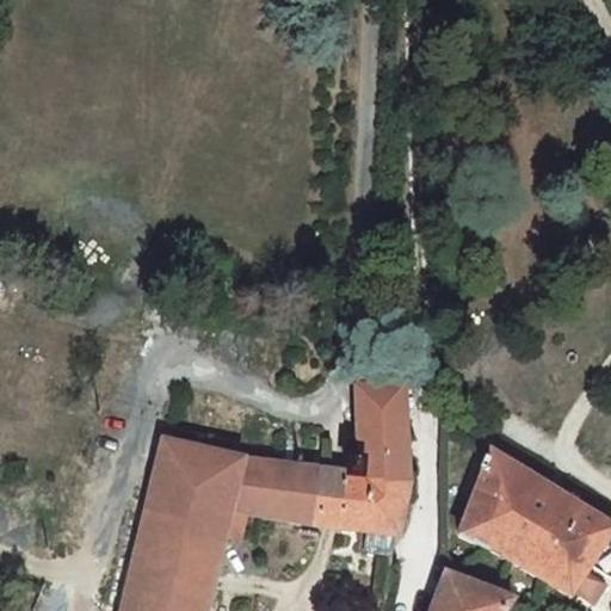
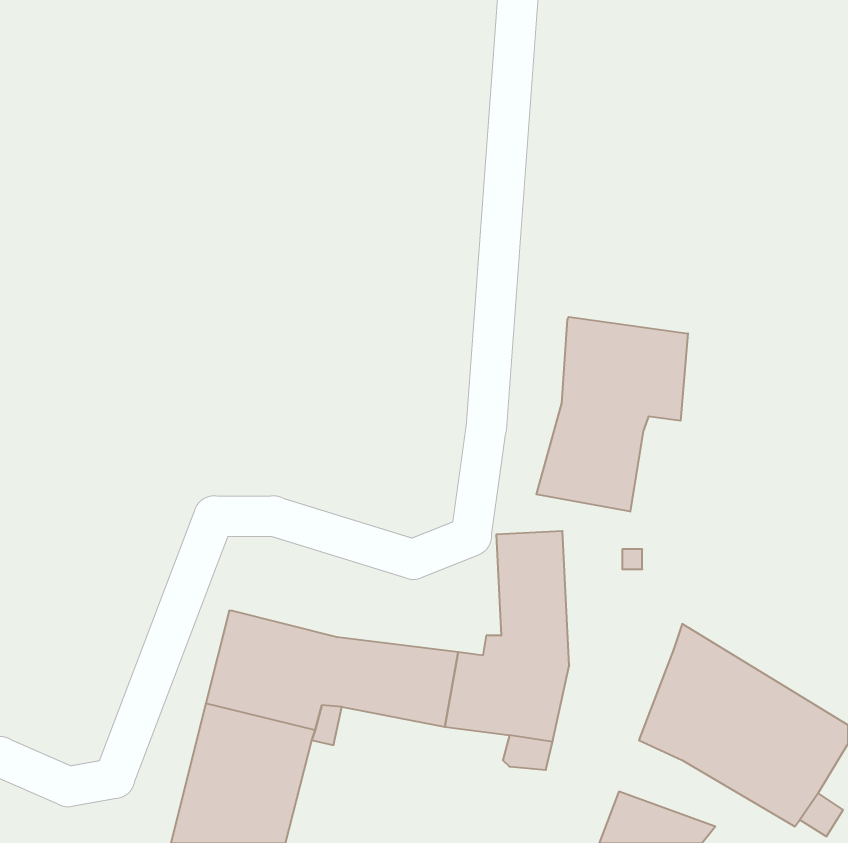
building: none -> [536,317,688,512]

